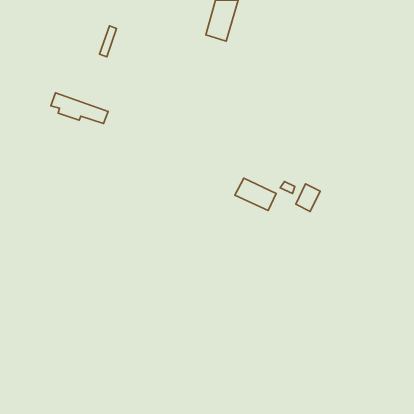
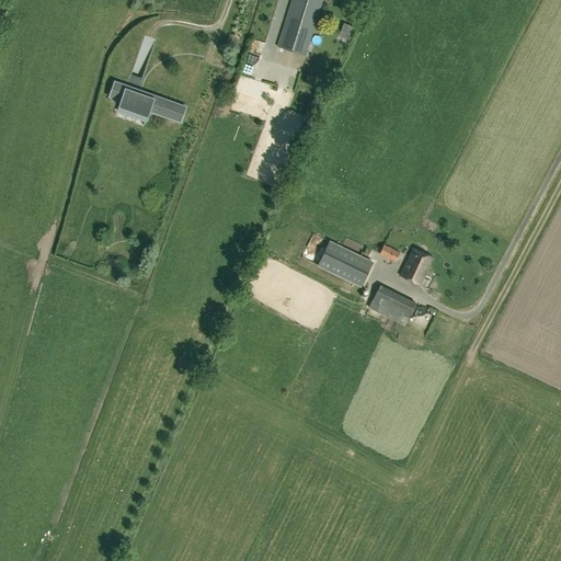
building: [51,93,108,124] -> [108,80,186,122]
building: none -> [368,285,415,319]

